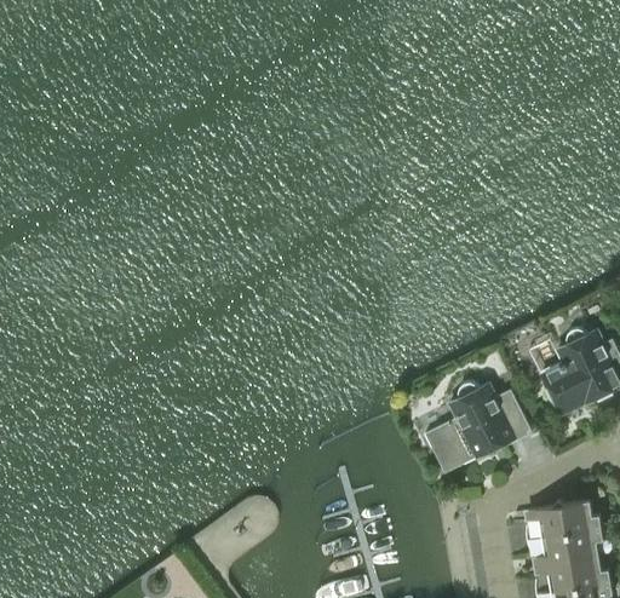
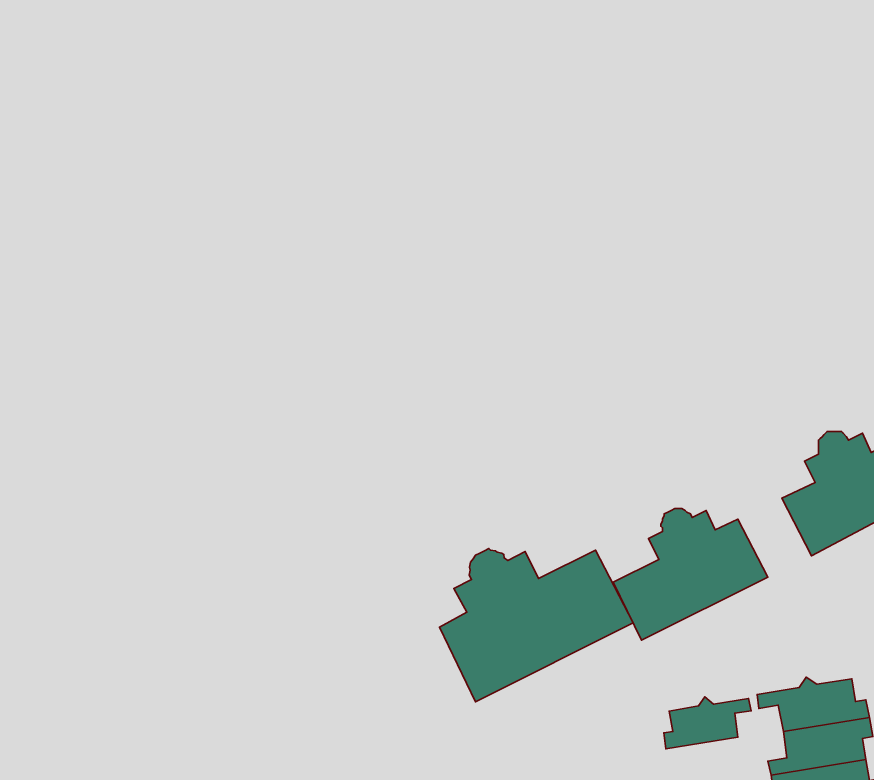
building: none -> [439,549,633,702]
building: none -> [664,697,751,749]

